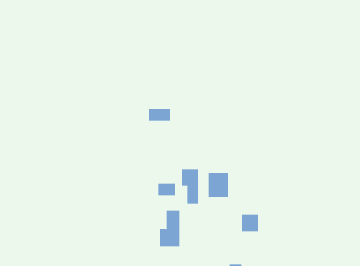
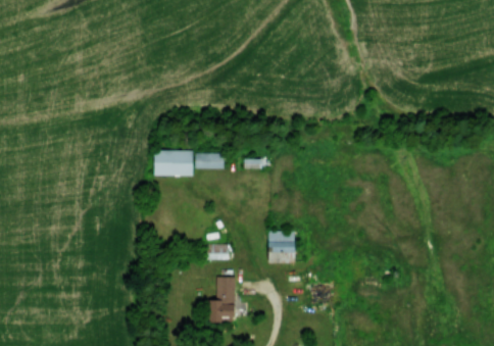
building: none -> [153,149,193,176]
building: [181,169,198,205] -> none

